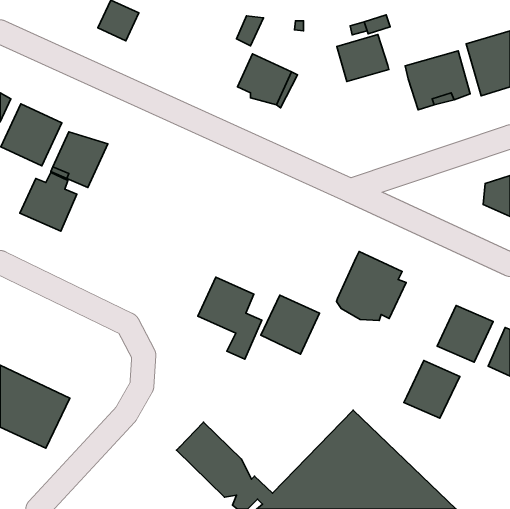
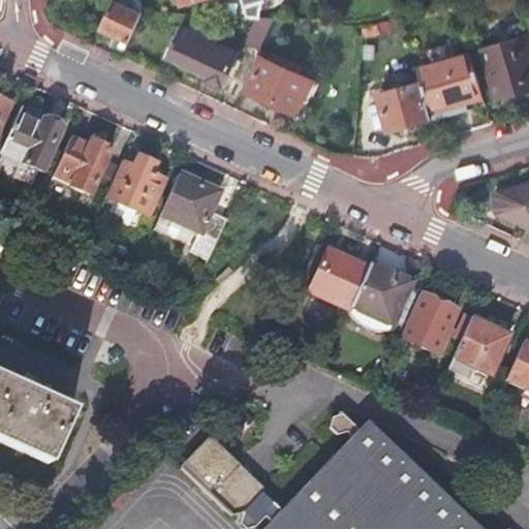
building: none -> [169,26,239,86]
building: [337,34,389,81] -> [380,82,434,130]
building: [20,172,77,231] -> [106,155,165,216]
building: [198,277,262,359] -> [160,174,226,258]
building: [261,295,320,354] -> [308,248,369,309]
building: [404,360,460,418] -> [400,292,458,352]

